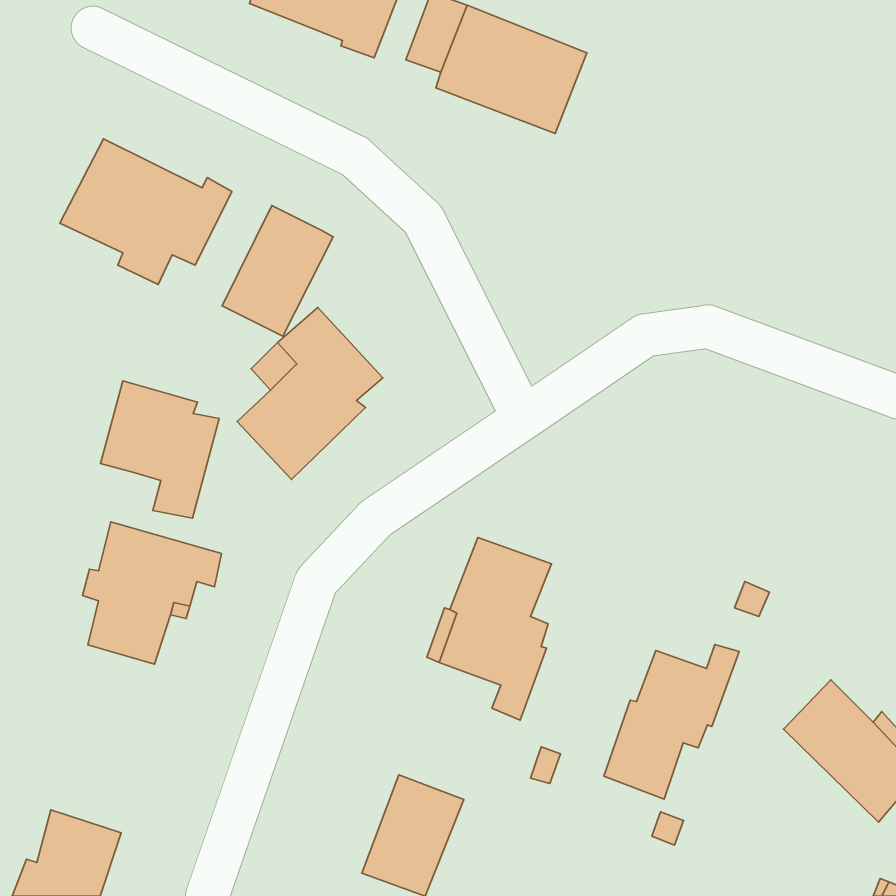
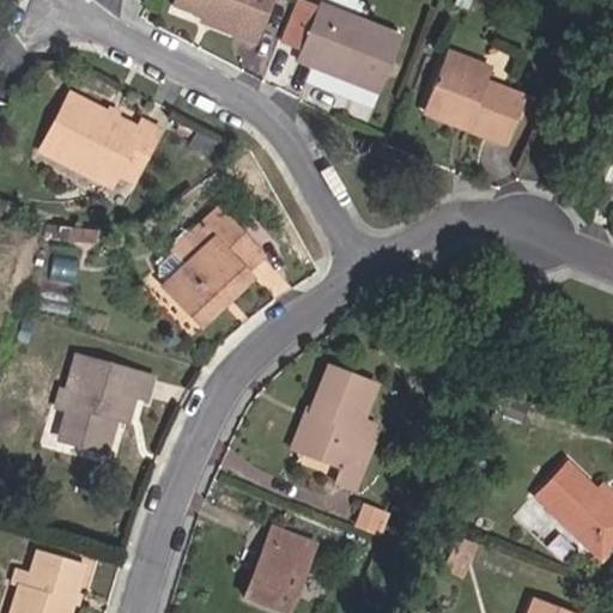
building: none -> [423,49,524,145]
building: [222,206,333,336] -> none
building: [100,381,219,518] -> none
building: [604,645,739,799] -> none

